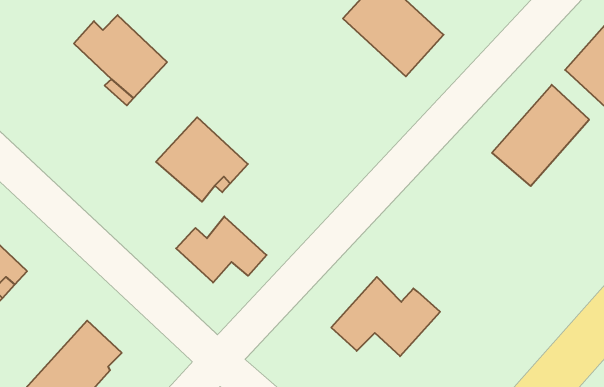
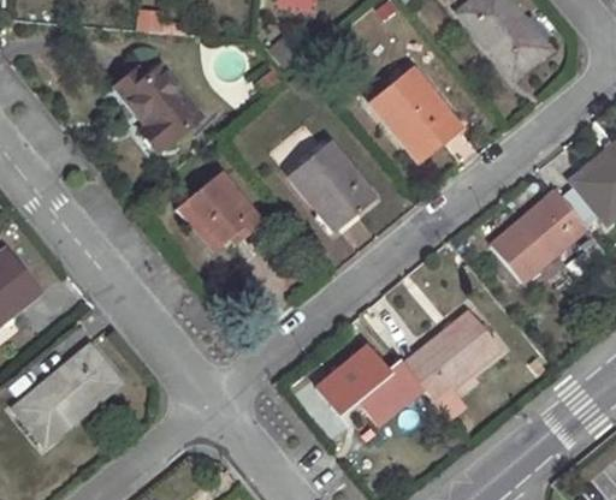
building: none -> [289,142,374,231]
building: [176,216,267,283] -> none
building: none -> [402,311,499,415]

